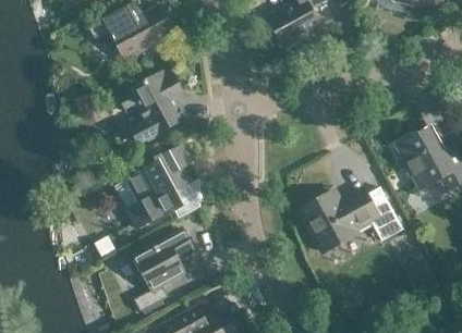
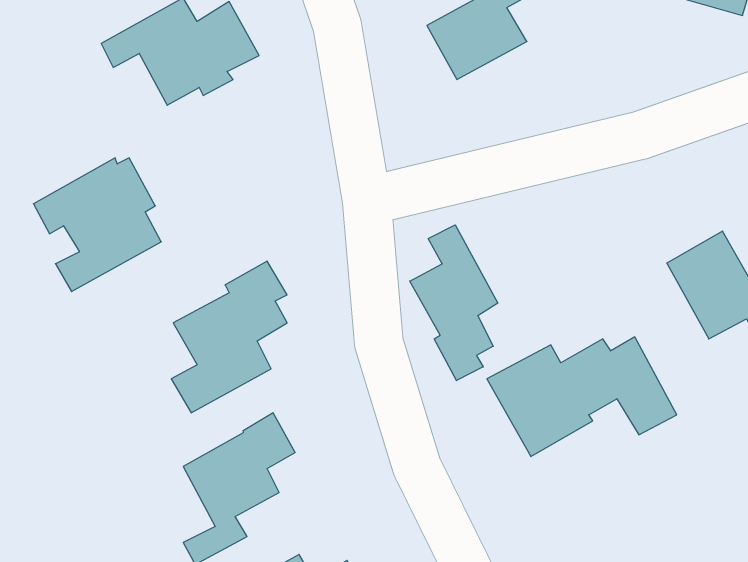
building: [118,72,187,145] -> [33,158,161,292]
building: none -> [410,225,498,381]

